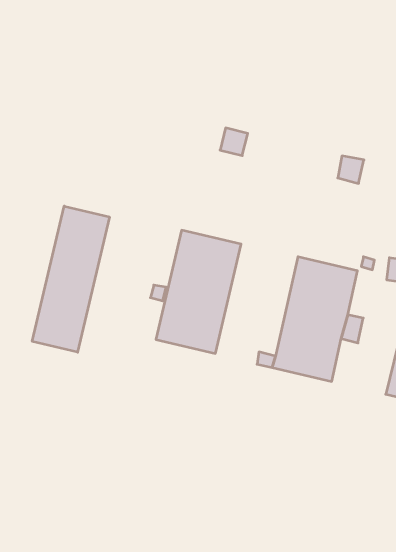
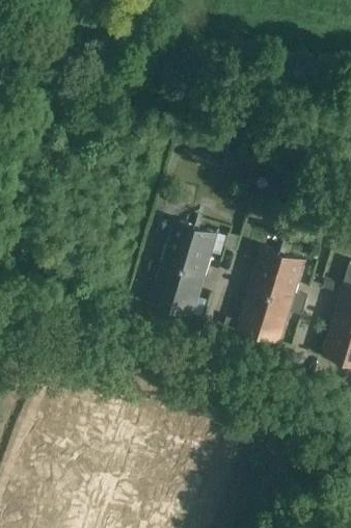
building: [32,206,109,352] -> none

